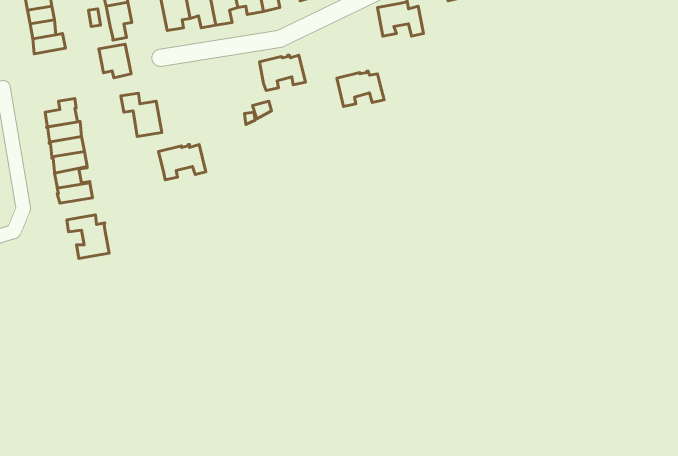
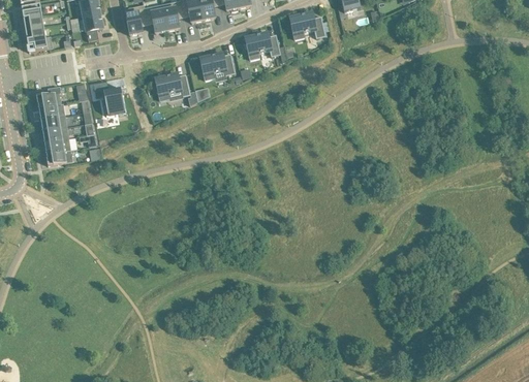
building: [99,44,131,78] -> none
building: [337,71,384,107] -> [244,32,280,59]
building: [158,145,206,180] -> [154,73,190,100]
building: [67,215,109,258] -> none

